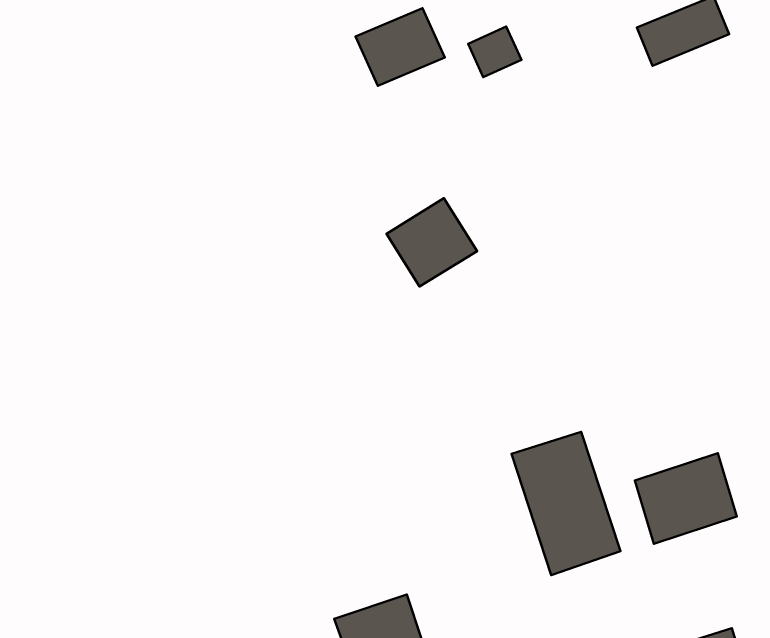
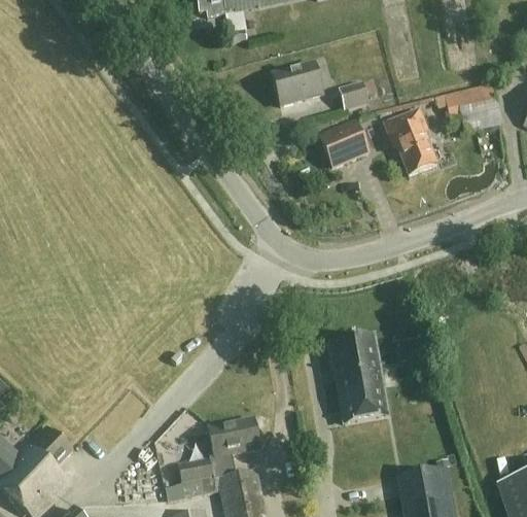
building: none -> [388,111,436,173]
building: [386,198,477,287] -> [318,117,372,169]
building: [635,453,737,544] -> none

